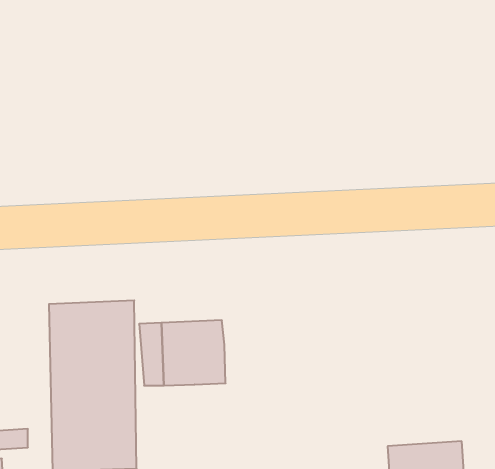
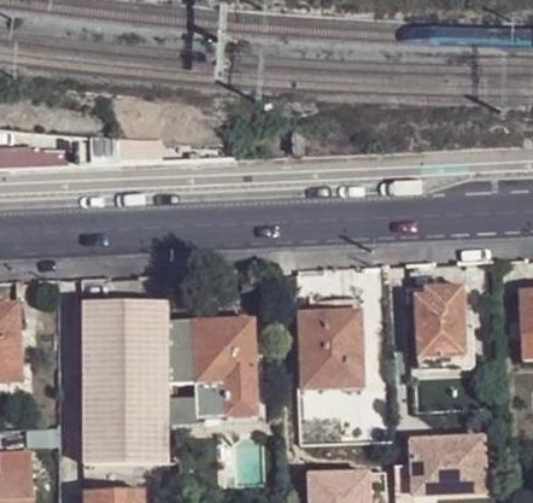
building: none -> [412,286,465,357]
building: none -> [300,311,362,387]
building: none -> [193,379,256,417]

